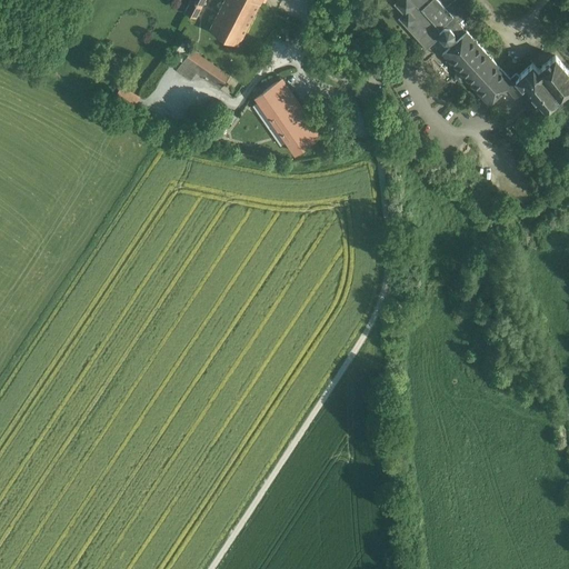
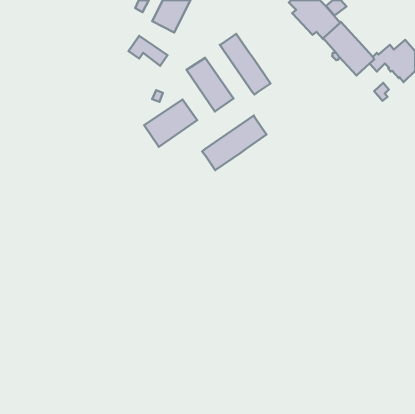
building: none -> [220,34,271,95]
building: none -> [144,100,197,147]
building: none -> [202,116,267,170]

